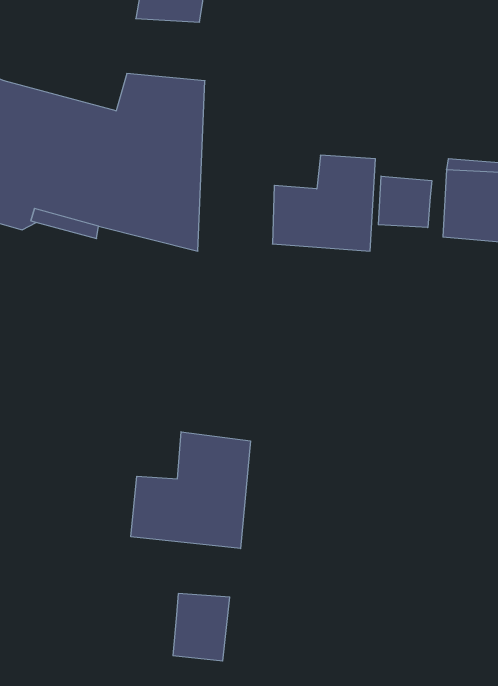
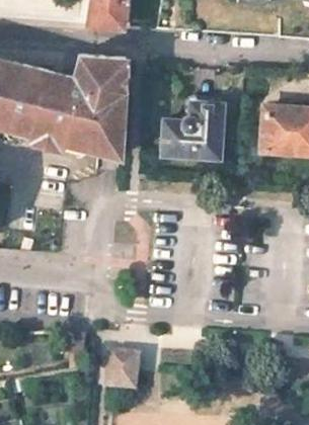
building: [378,176,432,228] -> none
building: [131,432,250,549] -> none

